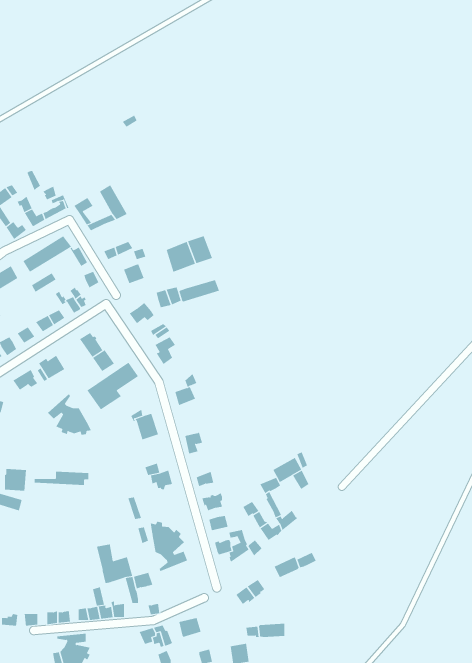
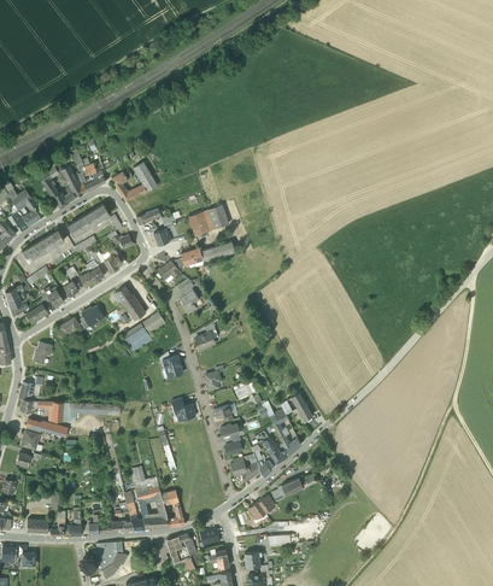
building: [47,393,92,436] -> none
building: [150,521,188,572] -> none

